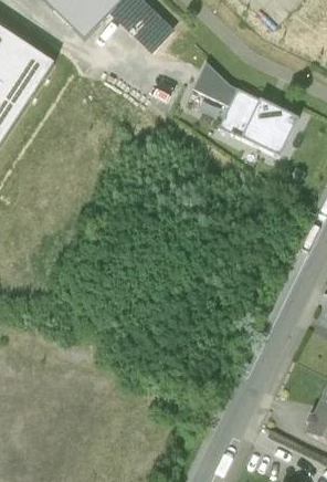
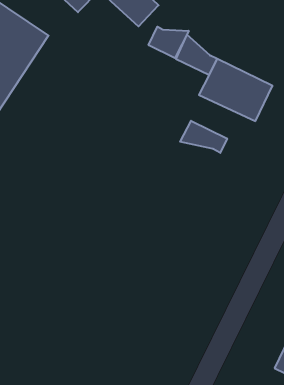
building: none -> [149,27,189,58]
building: none -> [180,121,227,153]

